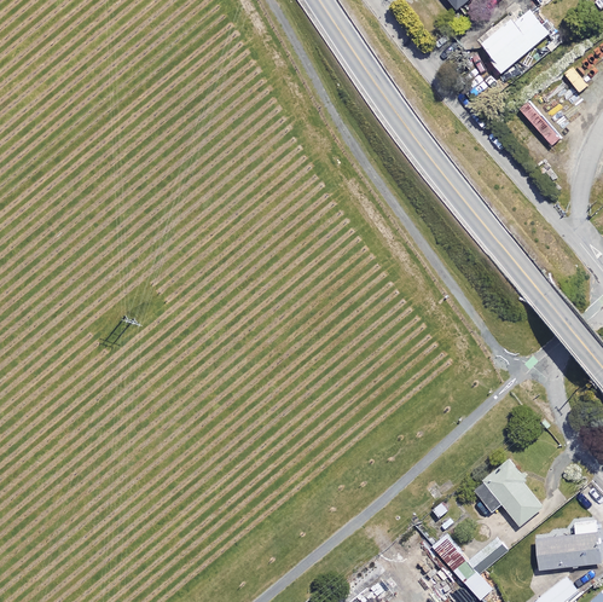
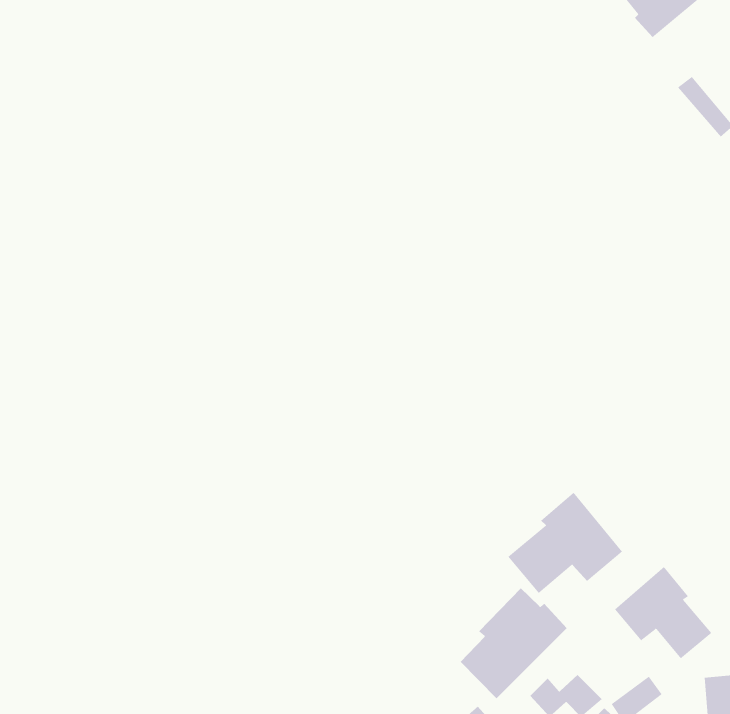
building: none -> [508,492,623,594]
building: none -> [460,587,567,699]

